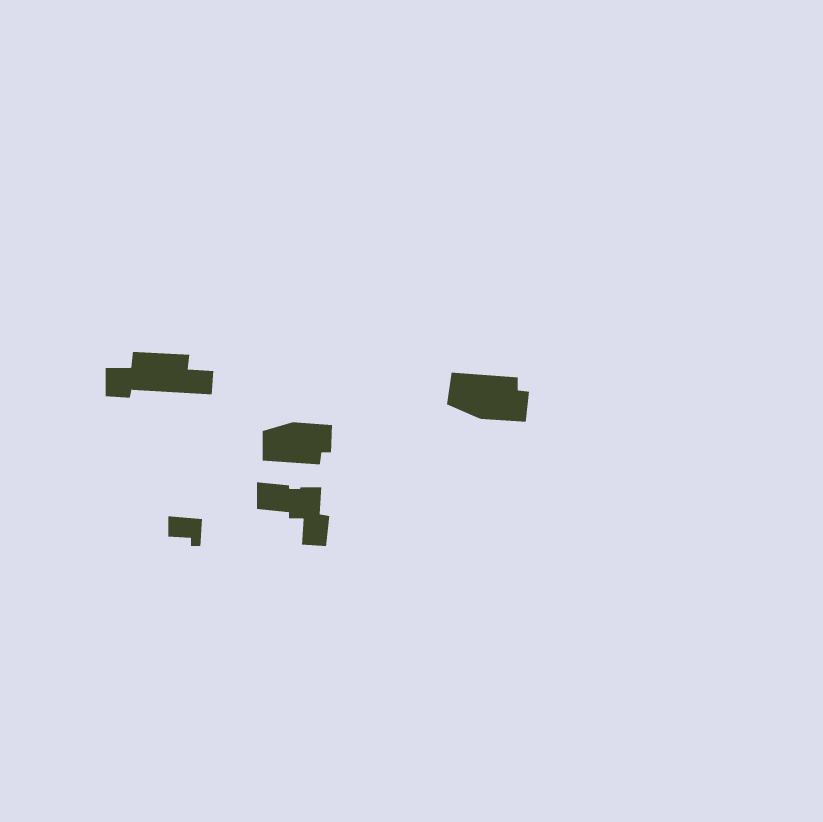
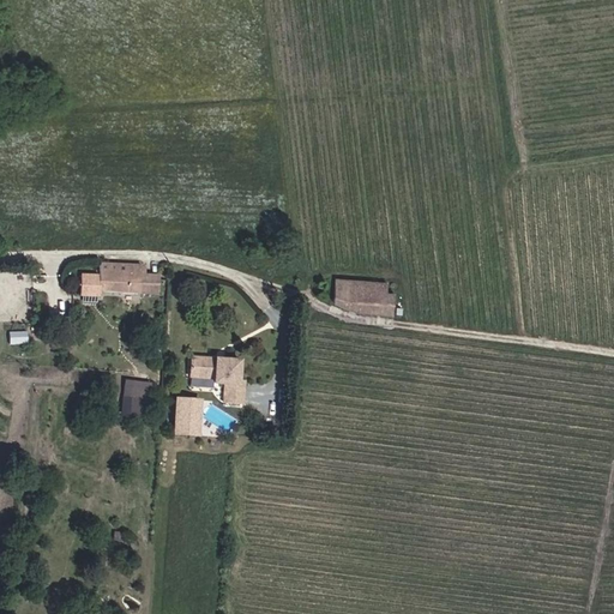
building: [262,421,333,465] -> none
building: none -> [176,402,201,438]

